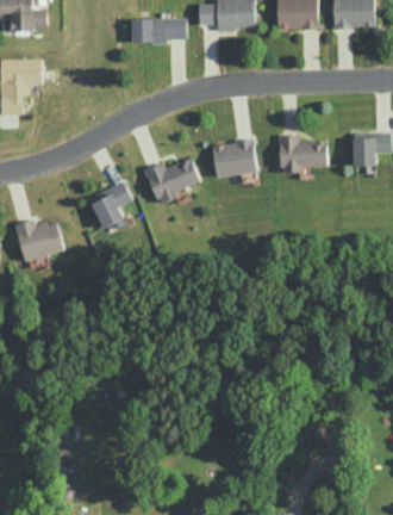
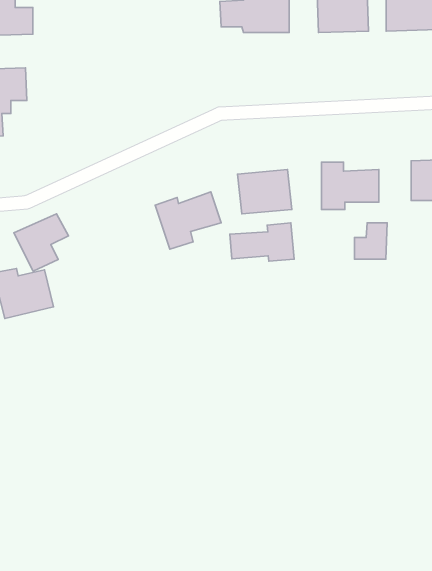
building: [131,19,186,44] -> none
building: [88,182,132,229] -> [14,214,68,271]
building: none -> [354,223,387,259]
building: none -> [230,223,294,261]

